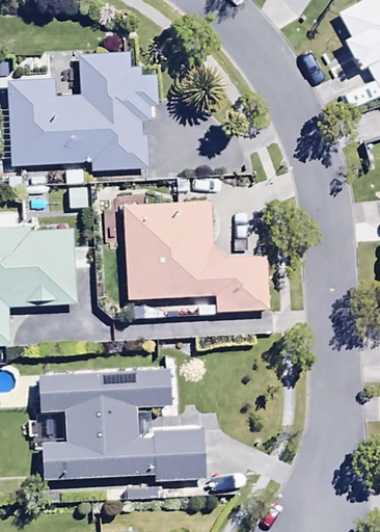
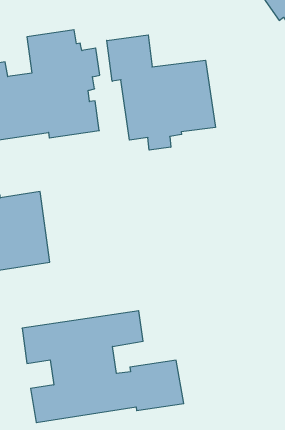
building: none -> [107,35,215,150]
building: [124,202,268,314] -> none

